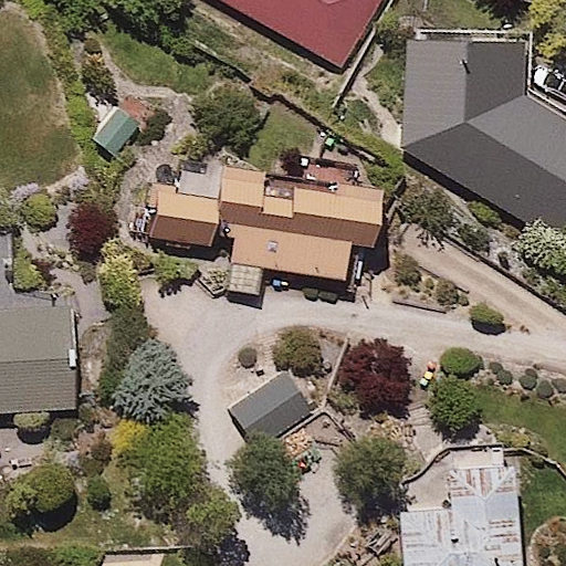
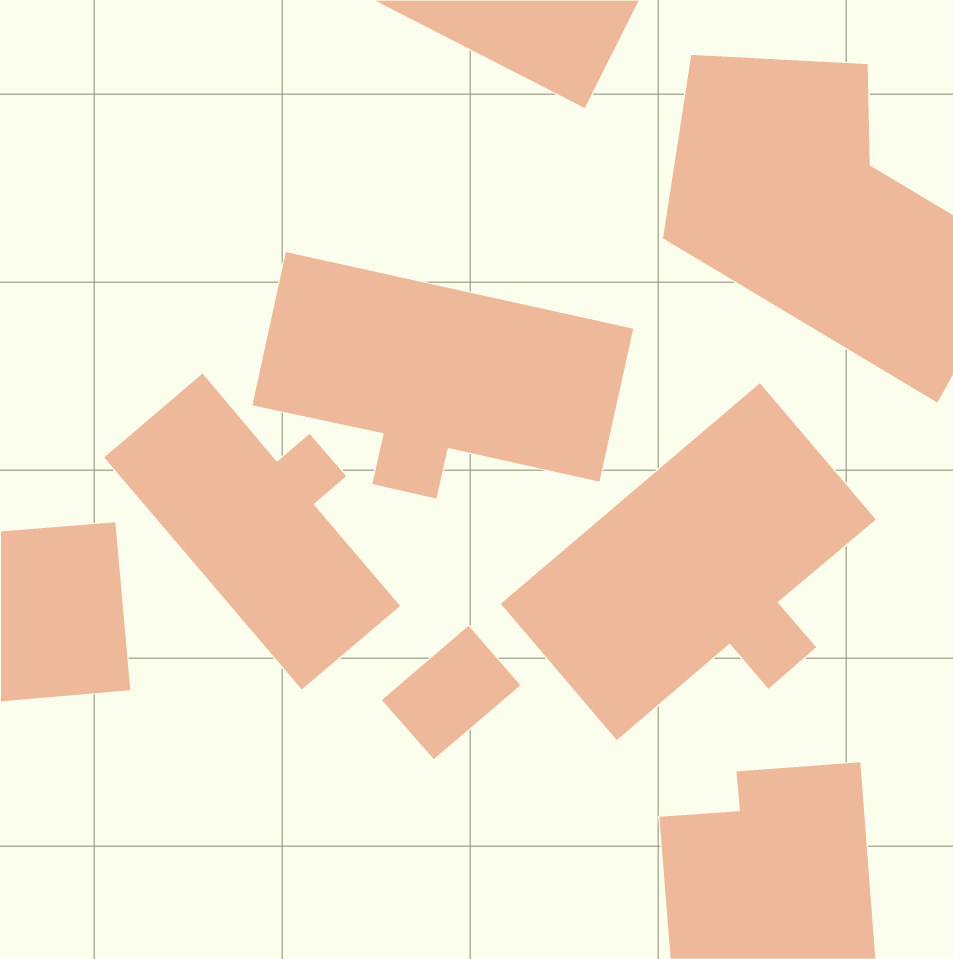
building: none -> [103,372,401,691]
building: none -> [500,382,877,741]

